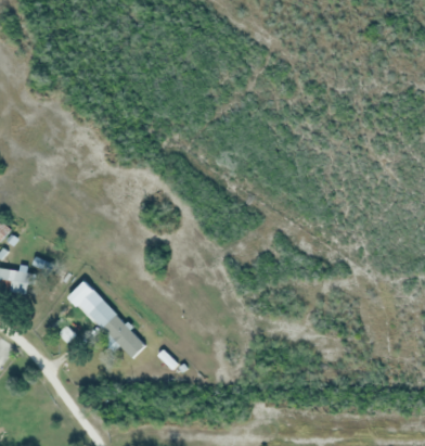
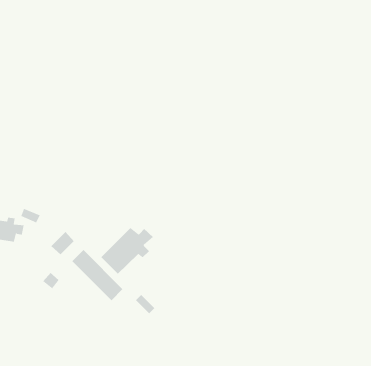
building: none -> [100,227,154,275]

